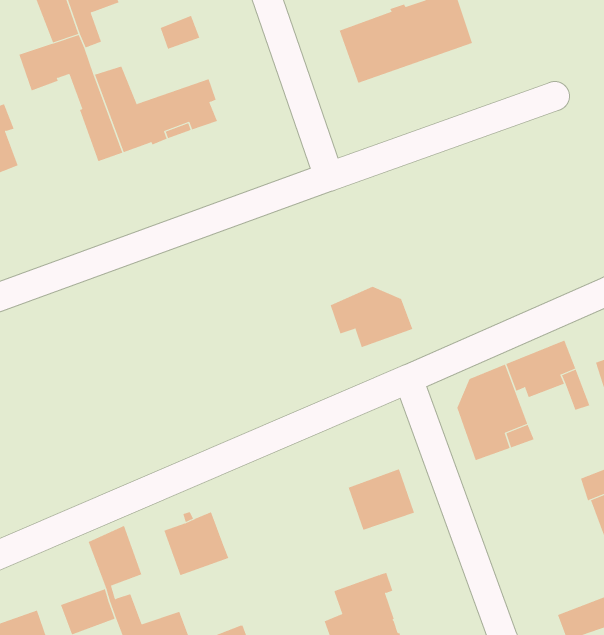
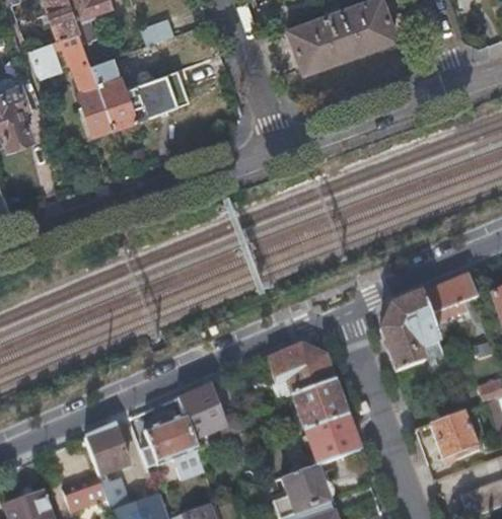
building: [330,286,413,348] -> [269,345,336,394]
building: none -> [180,384,227,441]
building: none -> [433,413,482,465]
building: none -> [306,415,361,464]

